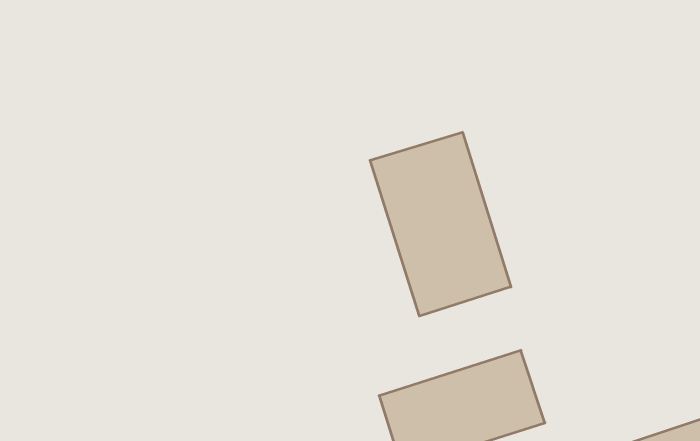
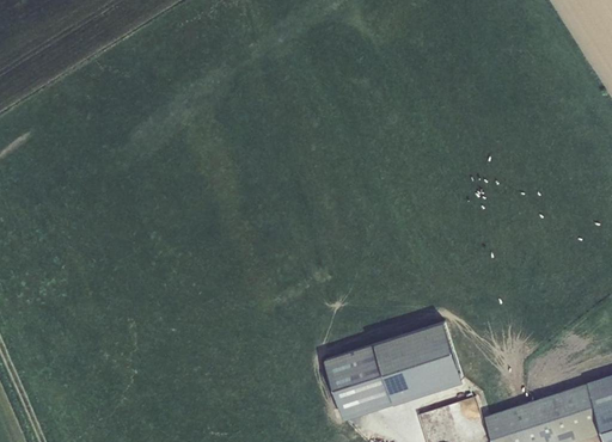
building: [370,132,511,316] -> none

